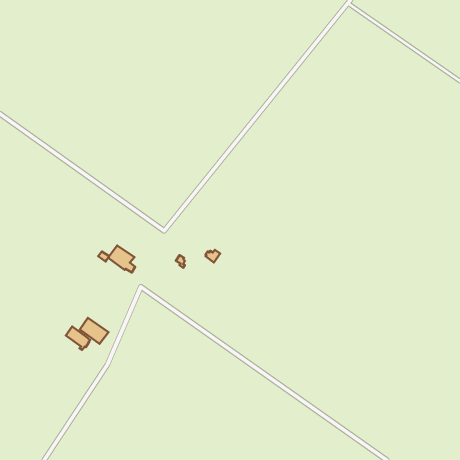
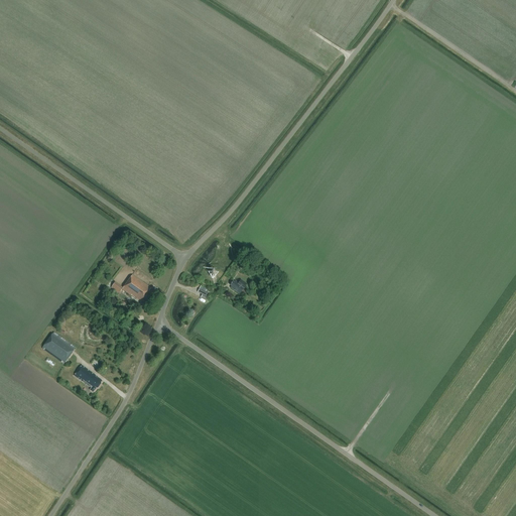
building: [80,318,109,344] -> [41,333,74,362]

